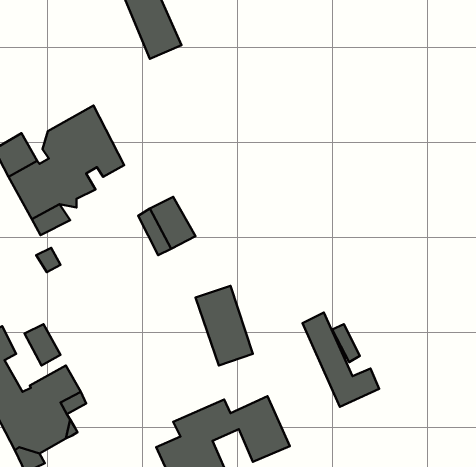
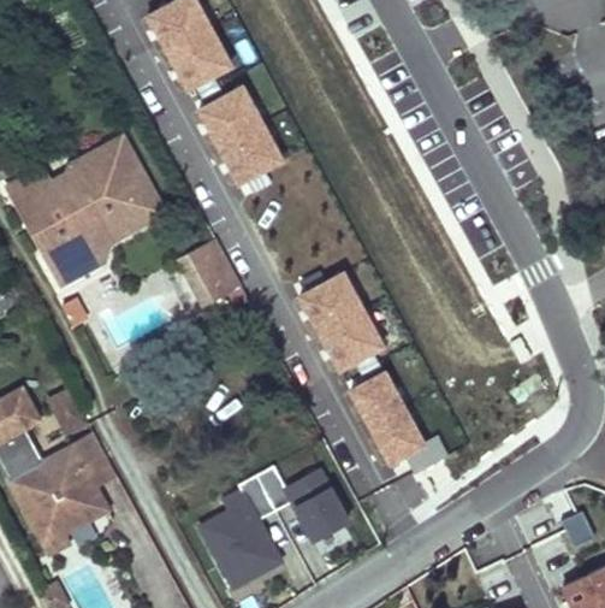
building: none -> [207,88,279,178]
building: [196,286,253,365] -> [309,275,374,365]

